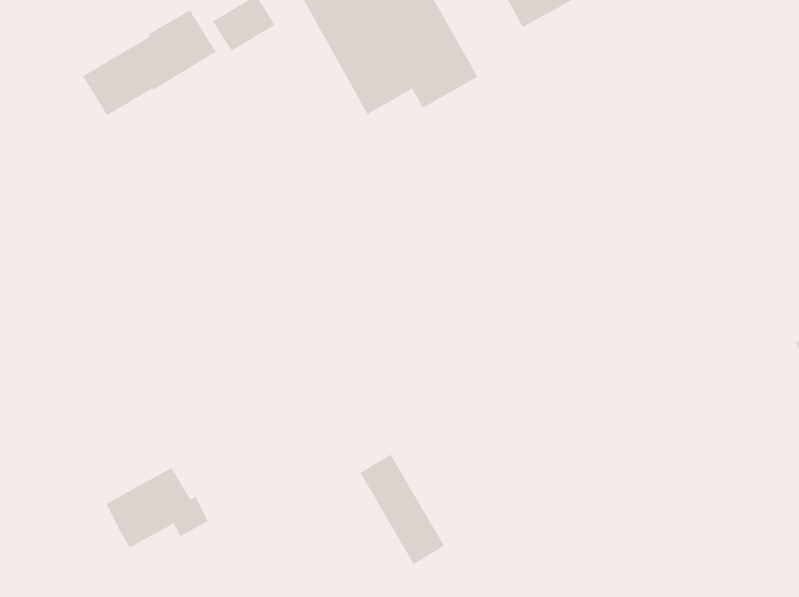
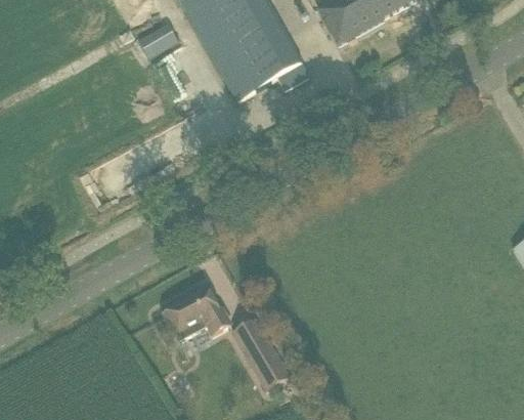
building: [82,10,216,116] -> none
building: [105,467,208,548] -> [165,290,231,342]

